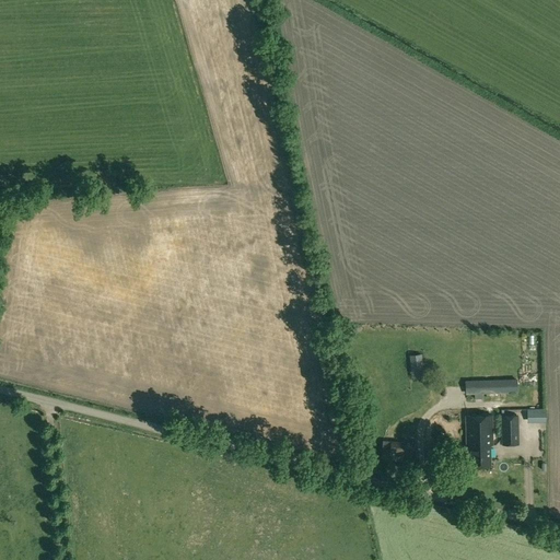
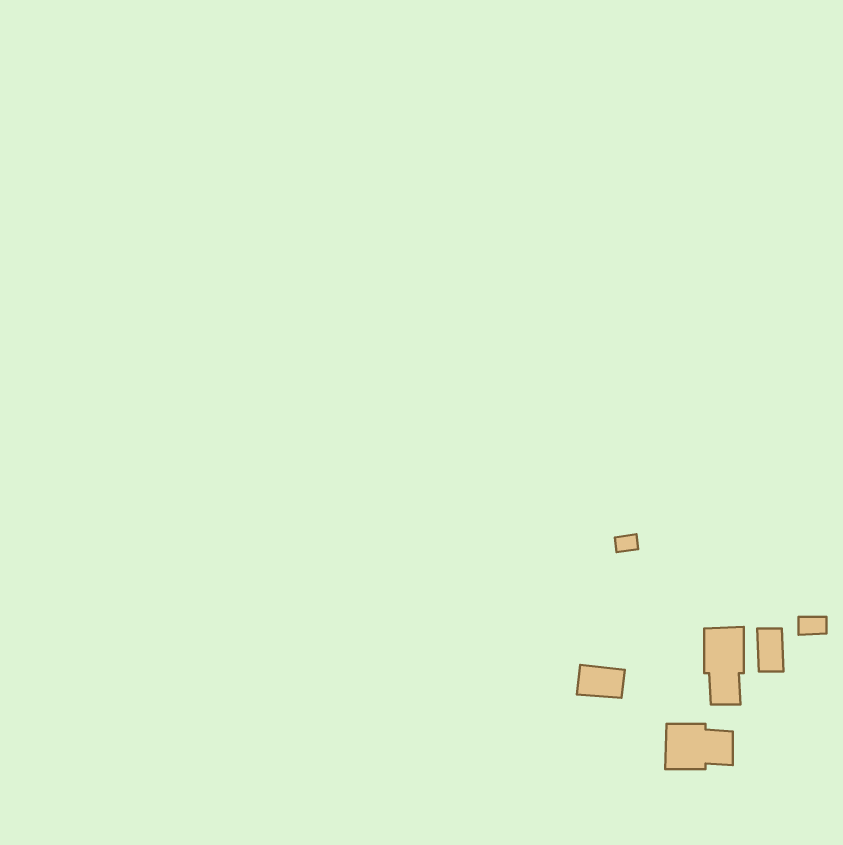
building: [466,378,517,399] -> none
building: none -> [665,724,733,769]

